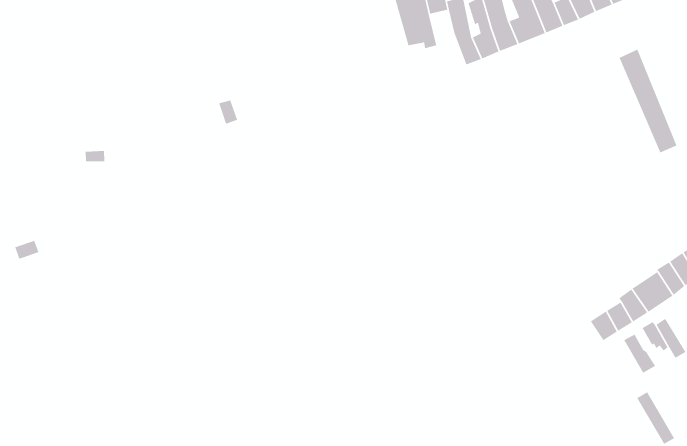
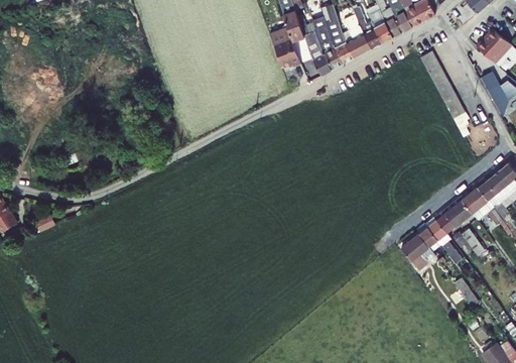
building: none -> [403,235,429,266]

